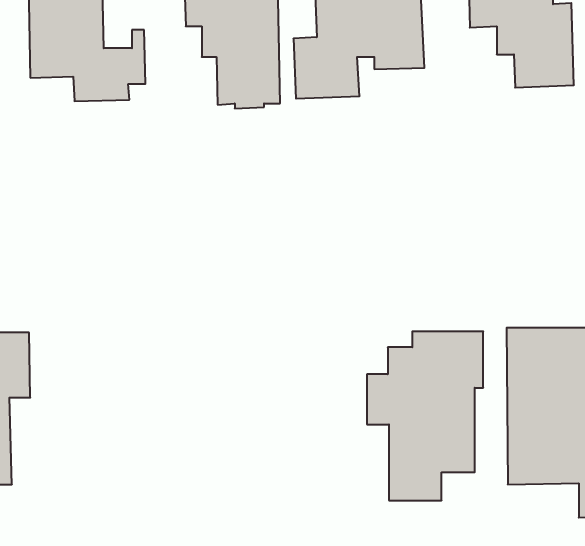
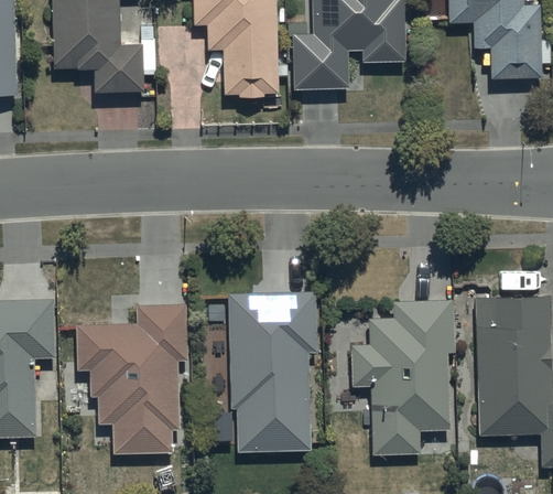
building: none -> [230,291,319,453]
building: none -> [78,301,189,452]

